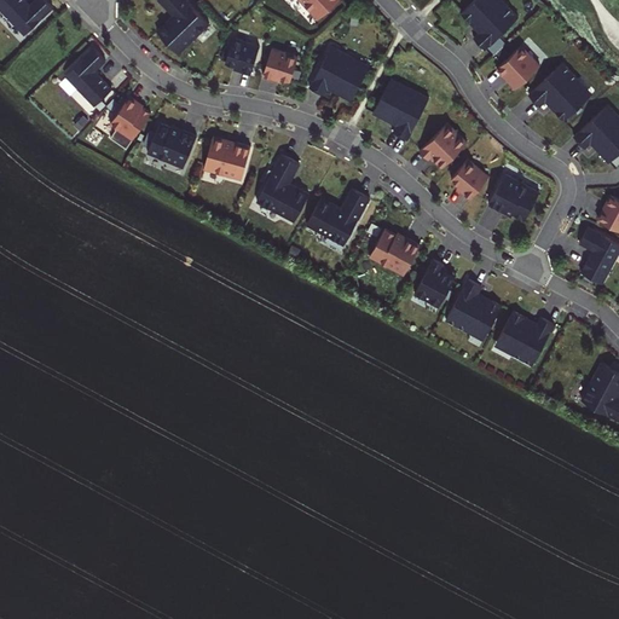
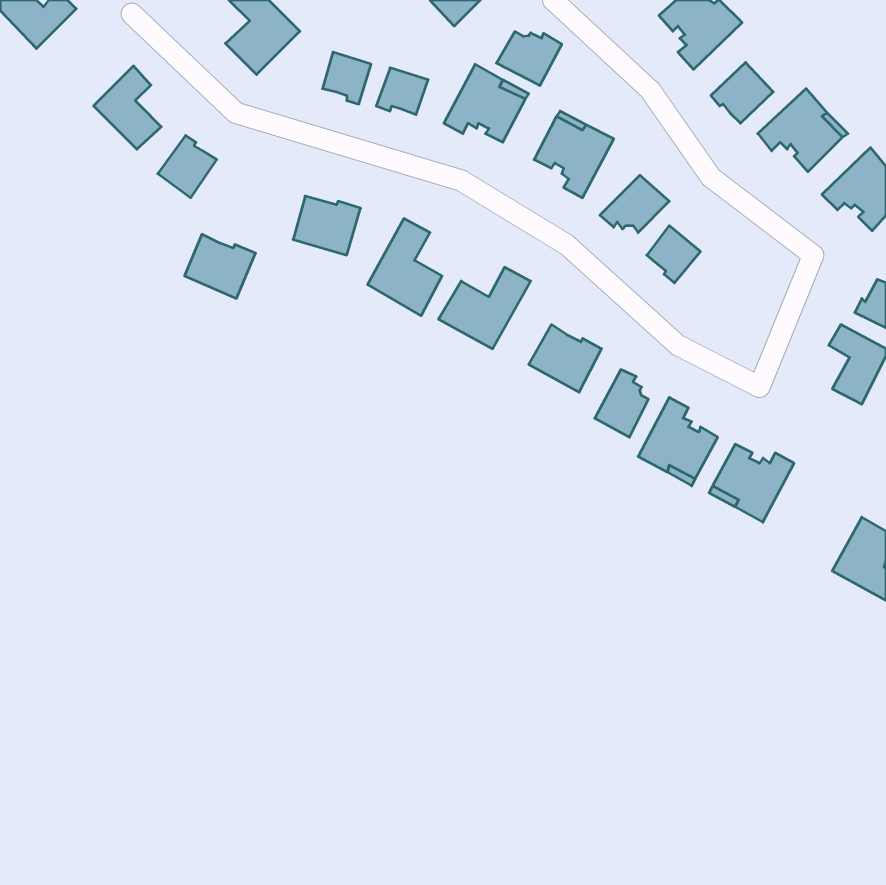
building: none -> [496,32,562,86]
building: [147,122,197,167] -> [185,234,256,298]
building: [488,174,538,220] -> none

